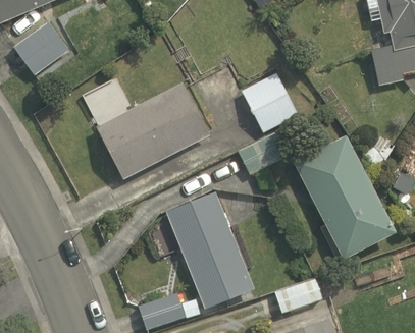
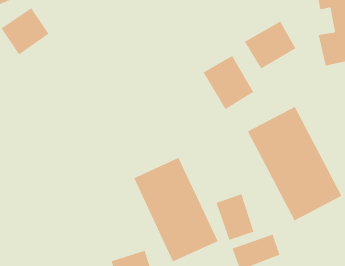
building: none -> [244,21,297,70]
building: [83,78,207,179] -> none
building: none -> [216,193,255,241]

